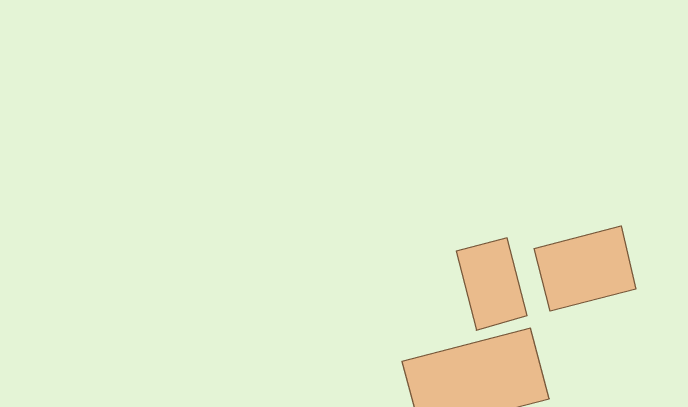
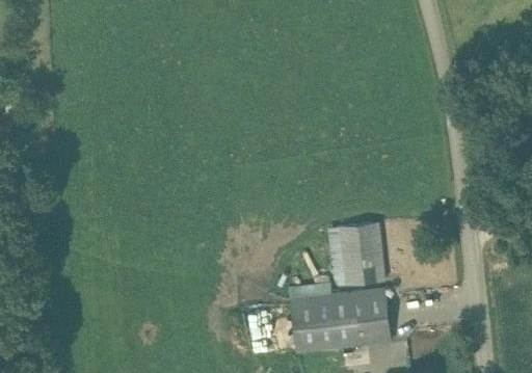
building: [534,226,636,311] -> none

